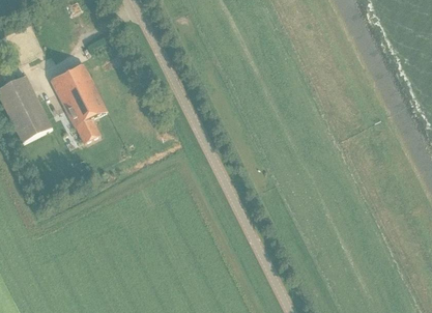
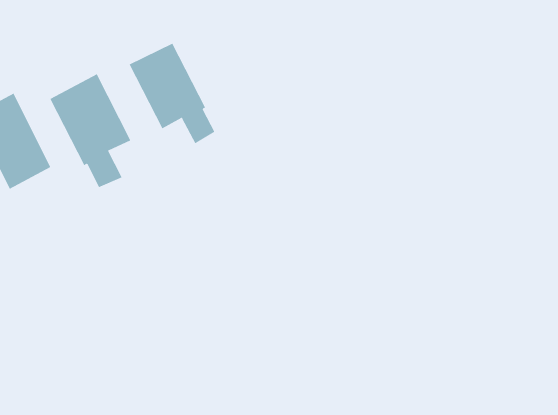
building: none -> [129,43,215,144]

